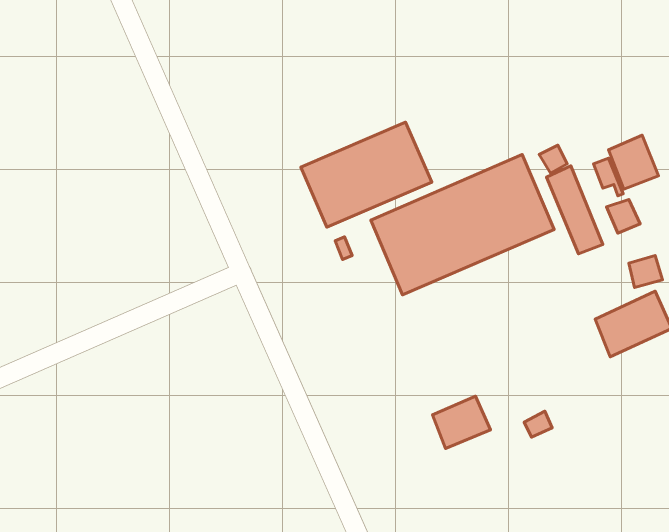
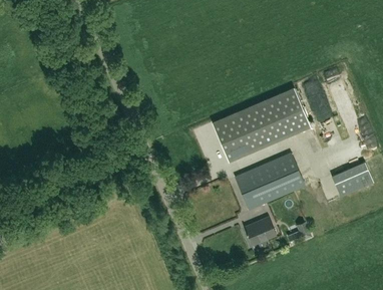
building: [301,122,432,227] -> [236,153,306,209]
building: [609,135,659,189] -> none

